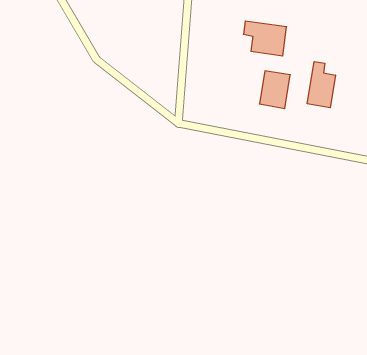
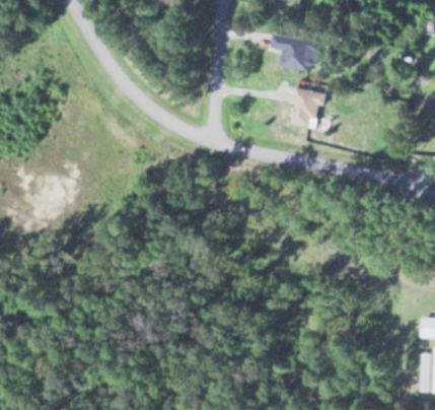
building: [307,62,335,108] -> none

